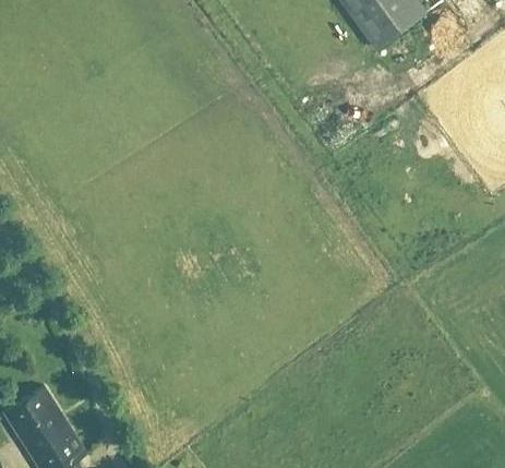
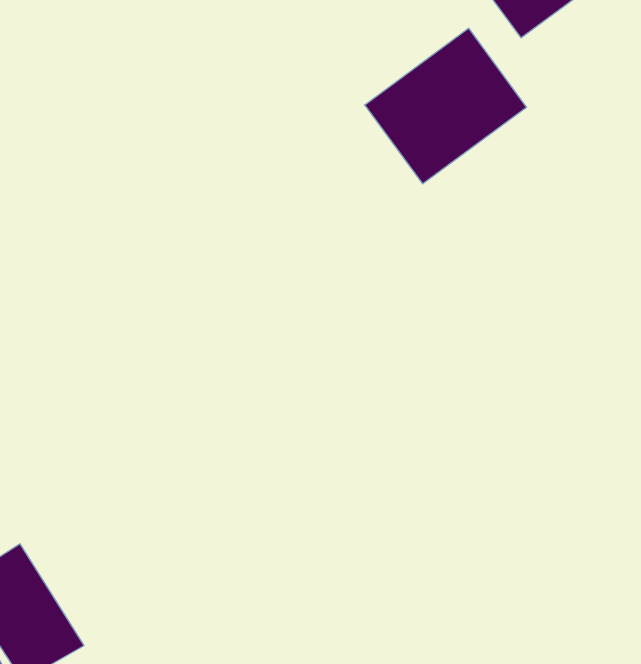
building: none -> [365,28,526,184]

